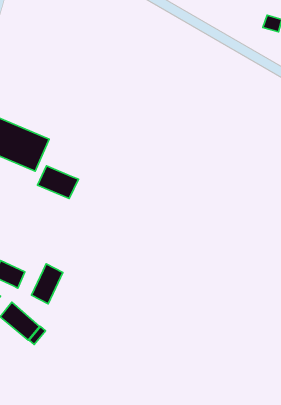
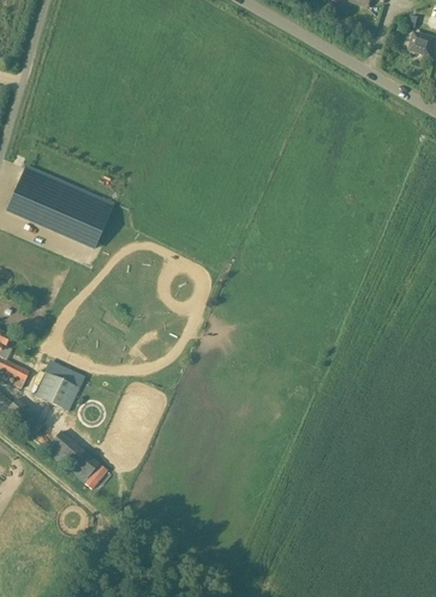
building: [37,166,78,199] -> none
building: [32,264,63,304] -> none

